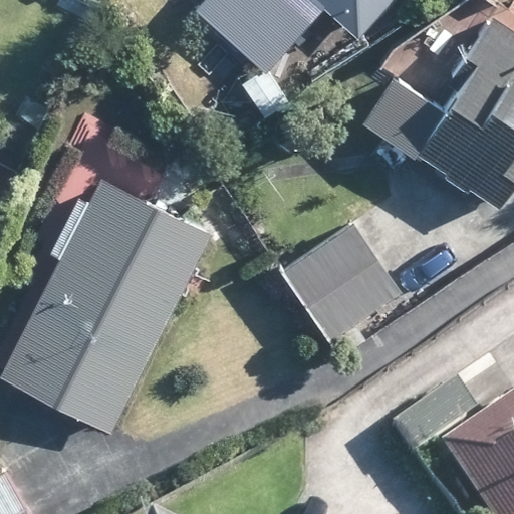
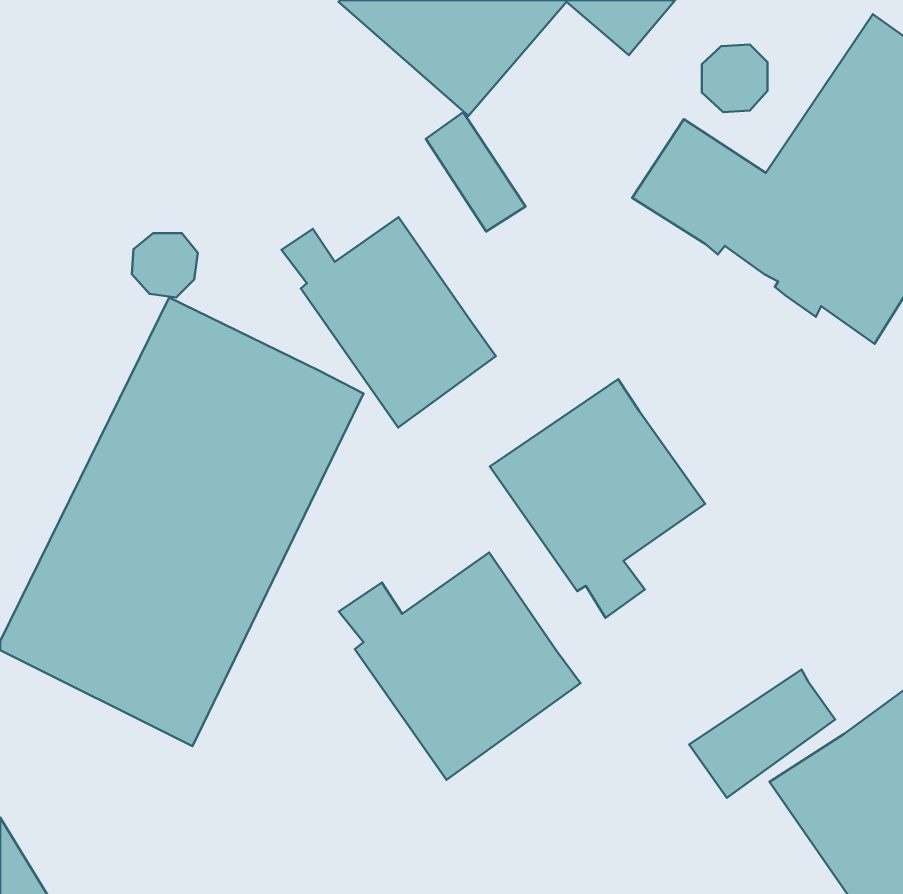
building: none -> [281,217,496,427]
building: none -> [339,553,581,780]

